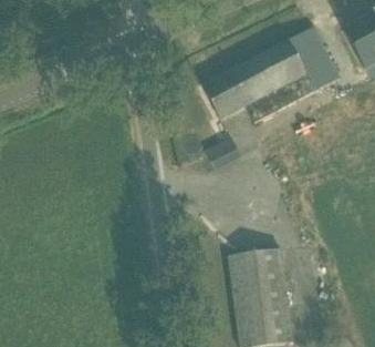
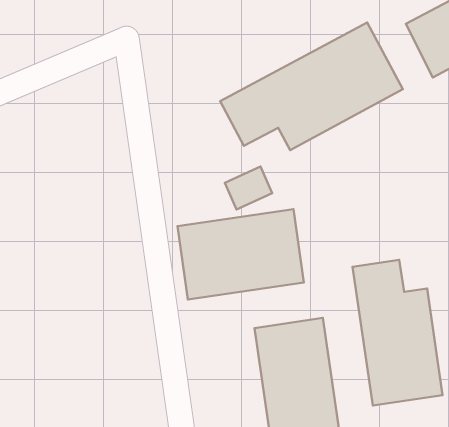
building: none -> [177,209,304,300]
building: none -> [353,260,443,406]

